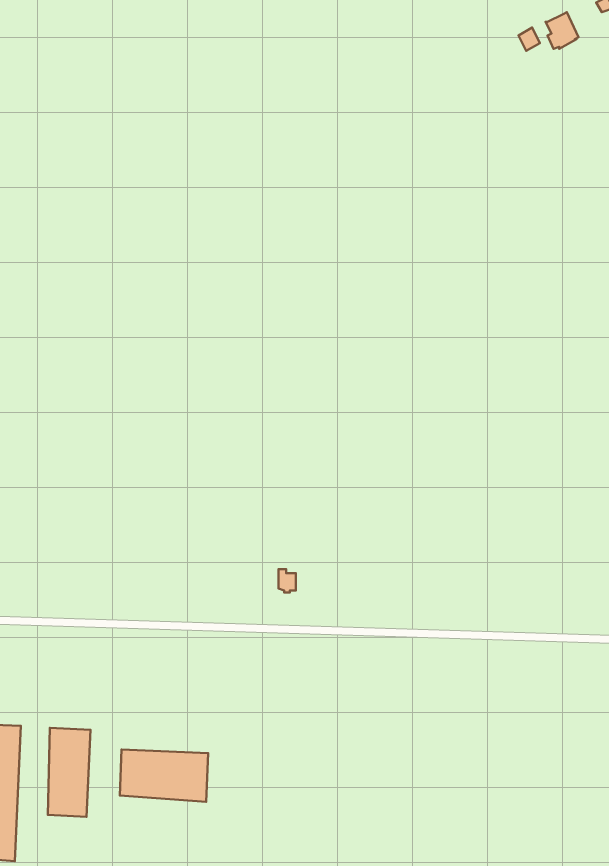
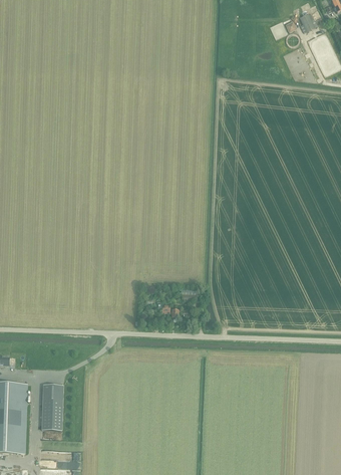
building: [120,749,208,802] -> none

